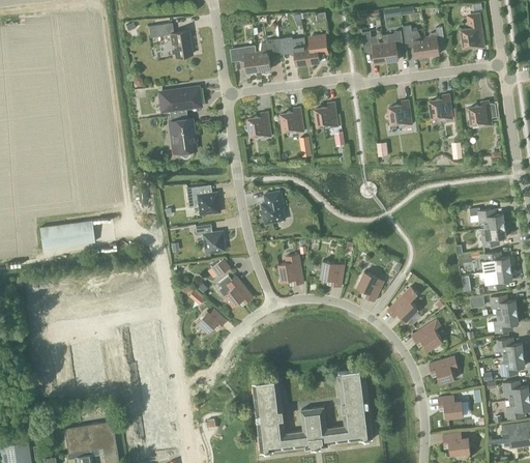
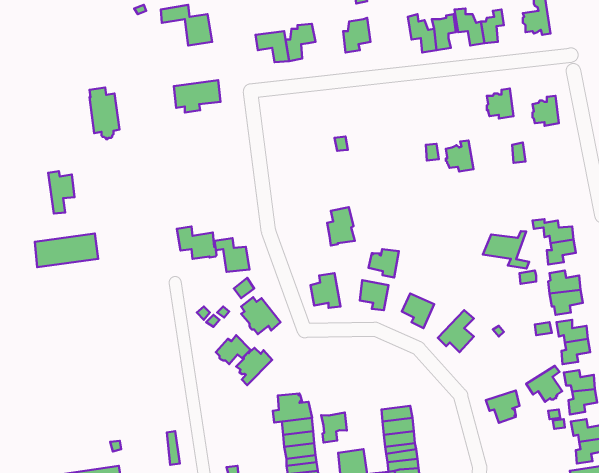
building: [286,36,308,65] -> none
building: [389,99,413,126] -> [446,140,473,172]
building: [316,102,338,127] -> none
building: [282,107,305,133] -> none
building: [248,112,272,138] -> none
building: [170,113,196,157] -> [89,88,119,139]
building: none -> [48,171,75,214]
building: [186,186,220,214] -> [177,226,217,259]
building: [262,191,286,224] -> [327,207,355,245]
building: none -> [483,231,529,269]
building: none -> [368,249,399,277]
building: none -> [236,348,272,385]
building: [412,319,443,350] -> [526,366,562,402]
building: none -> [273,394,312,422]
building: none -> [321,412,347,443]
building: [439,395,464,418] -> none

